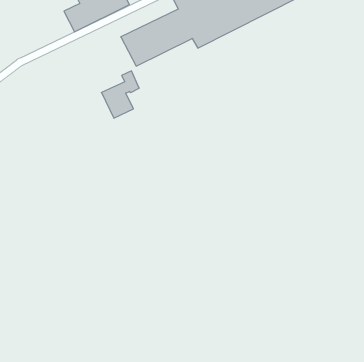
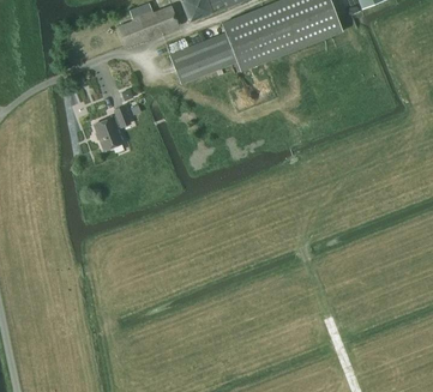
building: [101,71,139,118] -> [94,107,130,150]

